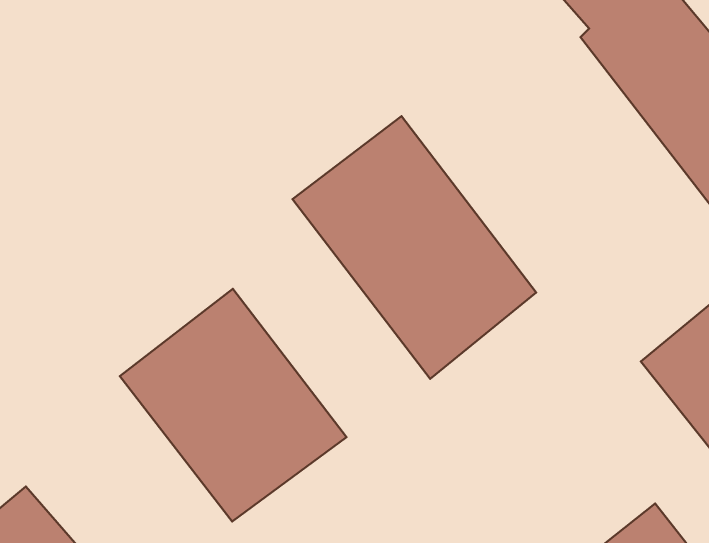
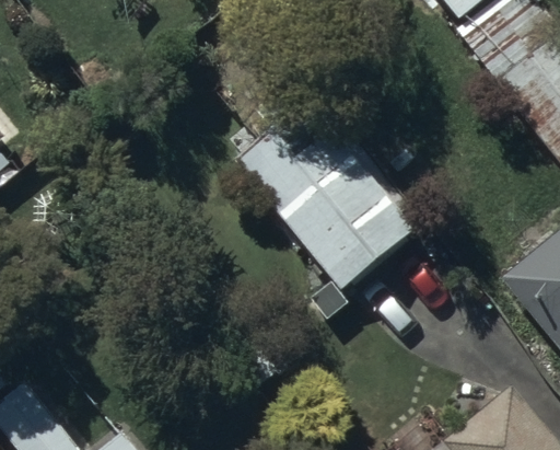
building: [120,289,347,521] -> none

